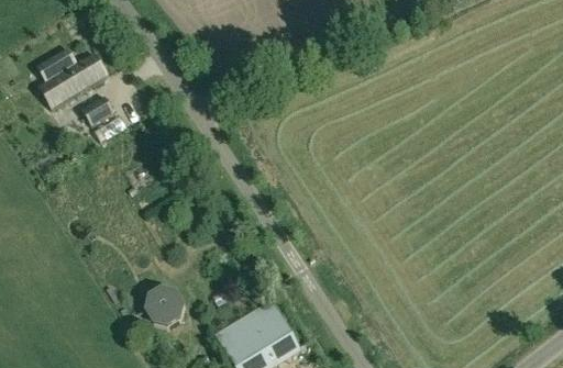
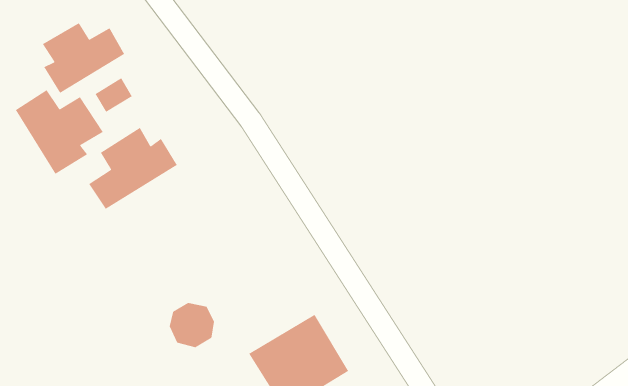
building: none -> [15,89,104,175]
building: none -> [88,127,178,210]

